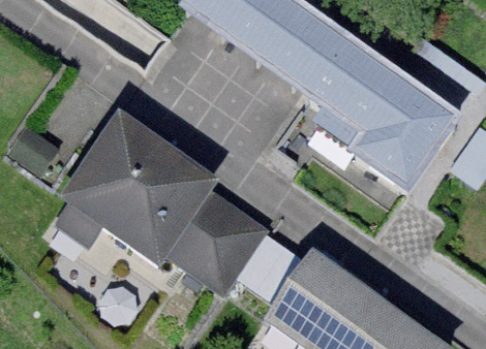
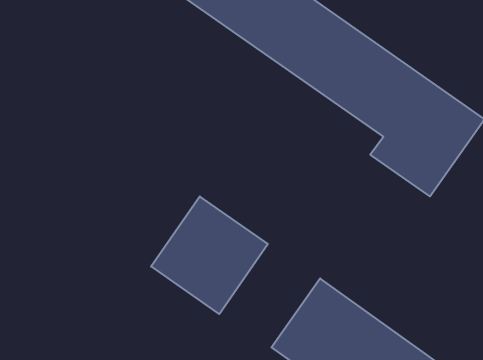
building: [69,121,208,254] -> none

